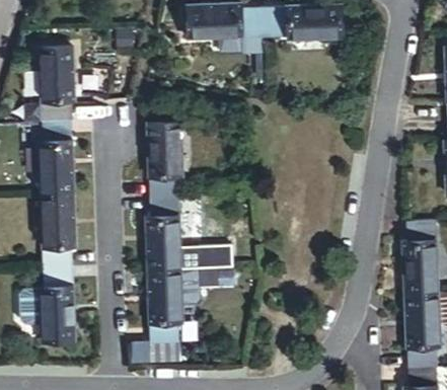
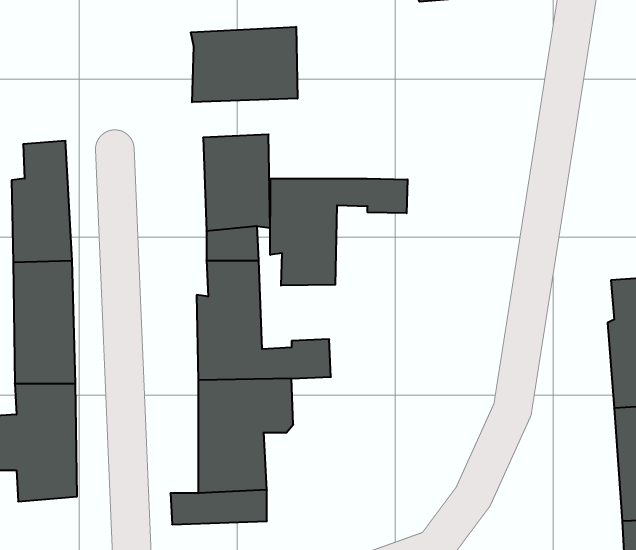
building: [38,54,73,129] -> none
building: none -> [191,27,297,102]
building: none -> [270,179,408,286]

